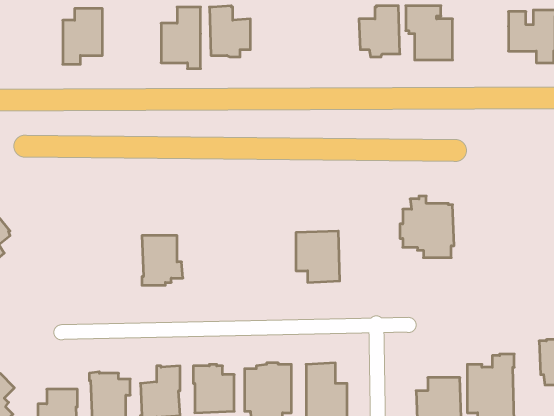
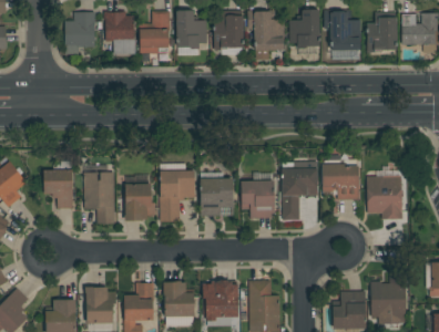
building: none -> [104,11,136,54]
building: none -> [214,11,244,50]
building: none -> [248,11,284,61]
building: none -> [367,12,397,53]
building: none -> [160,164,195,222]
building: none -> [283,169,318,220]
building: none -> [44,170,73,209]
building: none -> [84,172,115,225]
building: none -> [367,176,402,219]
building: none -> [201,178,234,216]

